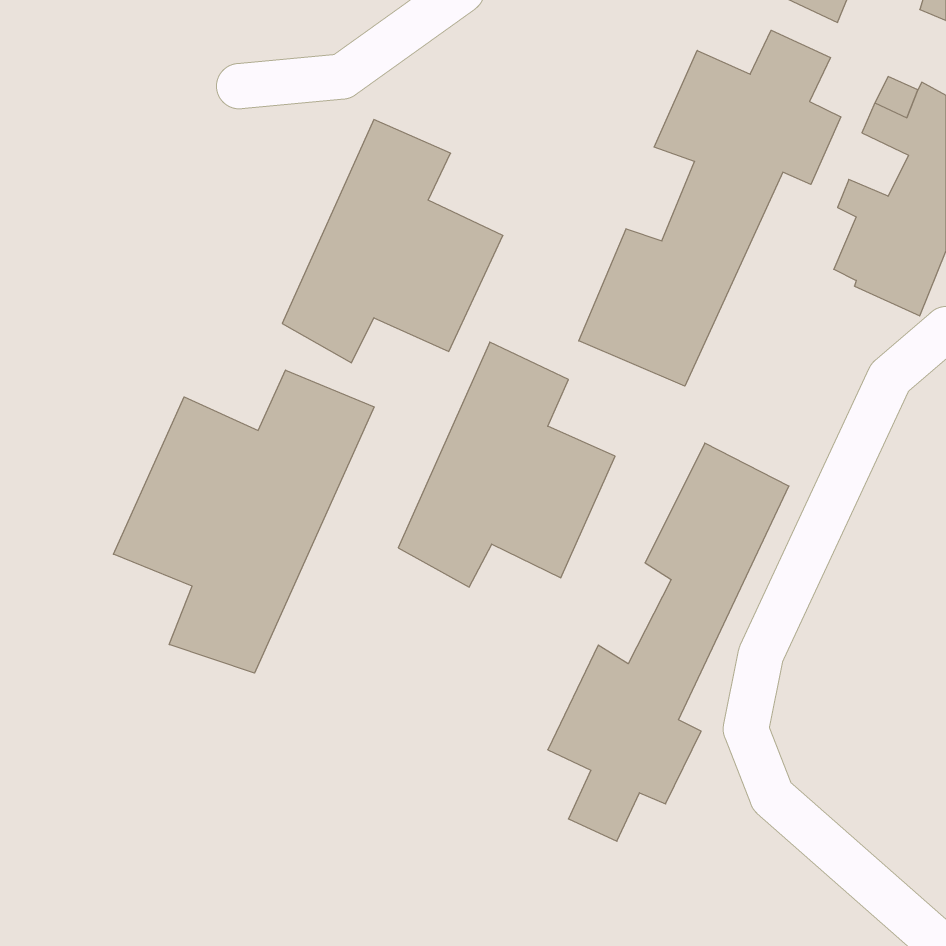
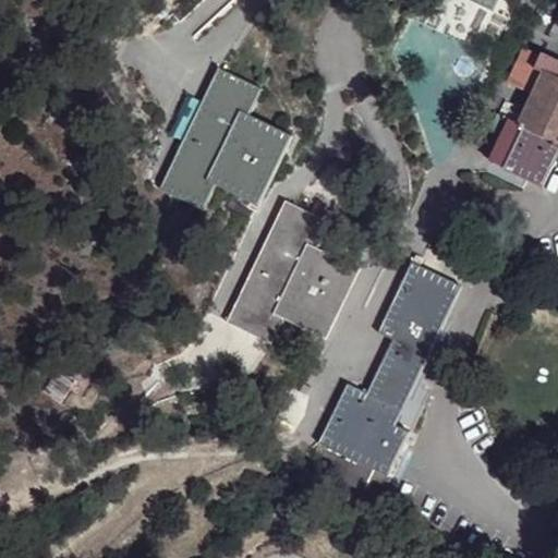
building: [579,30,841,386] -> none
building: [113,370,374,673] -> none

